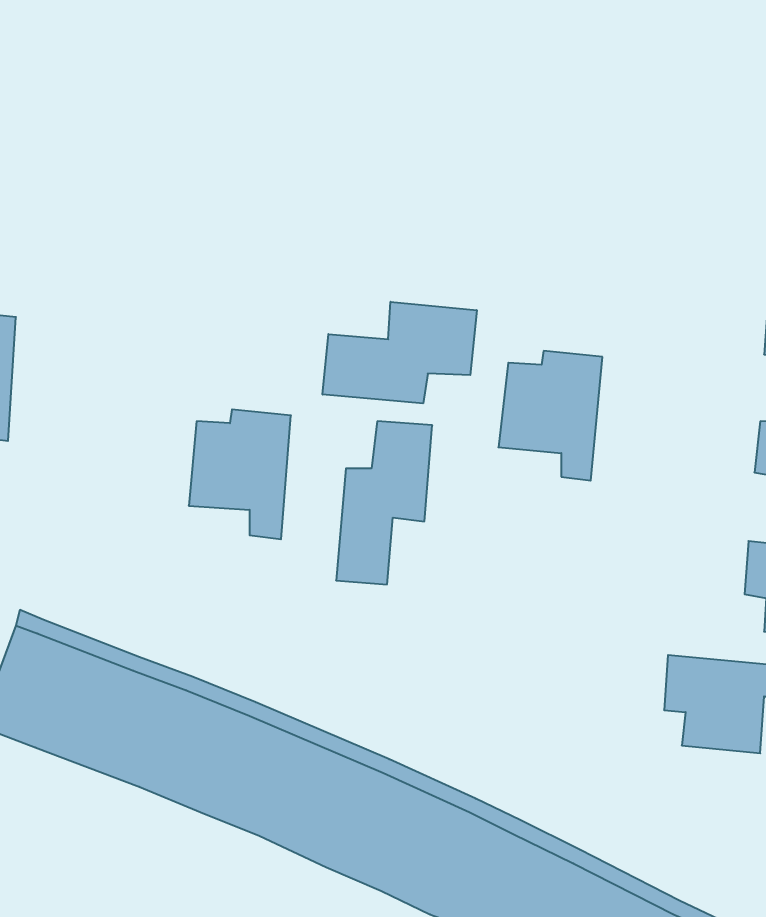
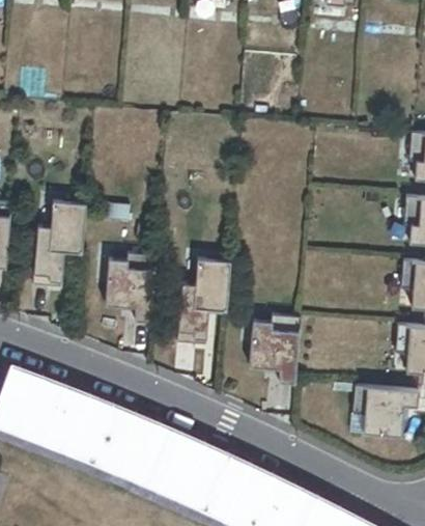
building: [323,302,477,403] -> none
building: none -> [33,204,84,290]
building: [498,351,602,481] -> [245,315,300,384]

